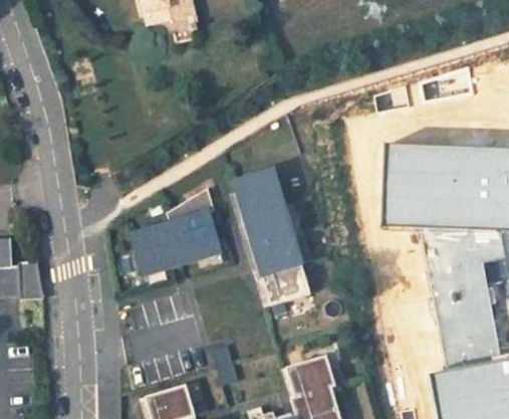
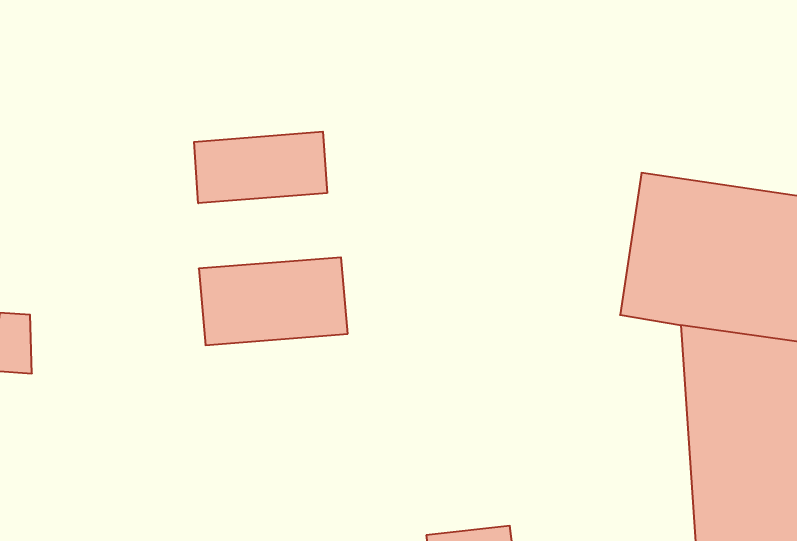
building: none -> [194,132,327,203]
building: [237,165,319,305] -> none

